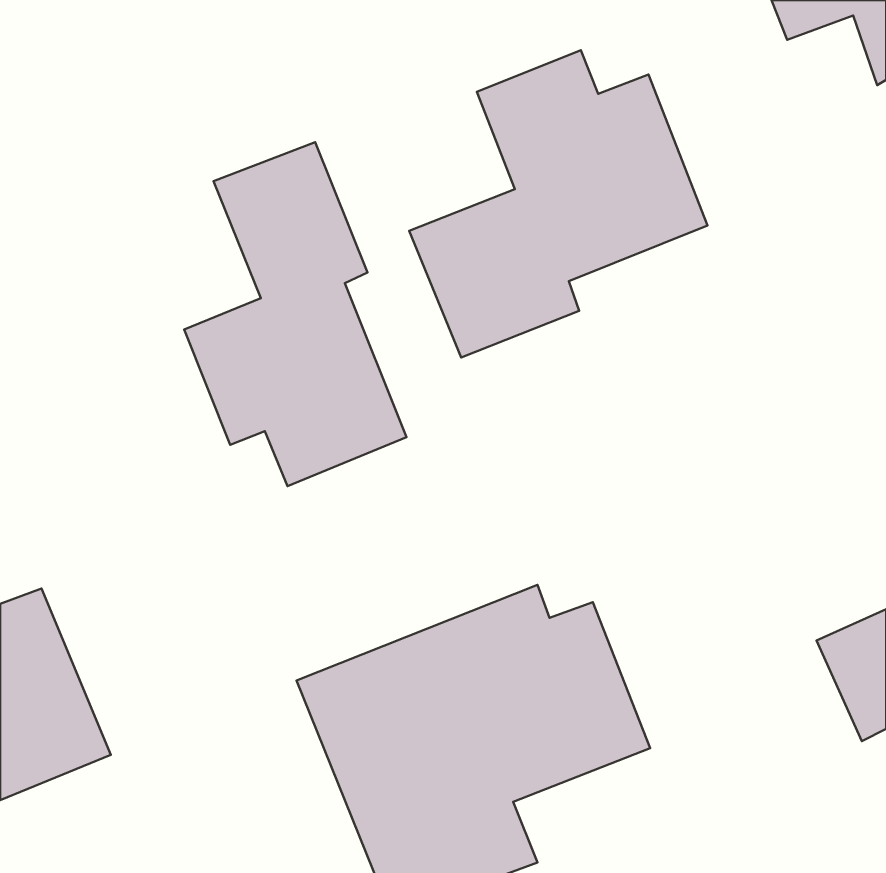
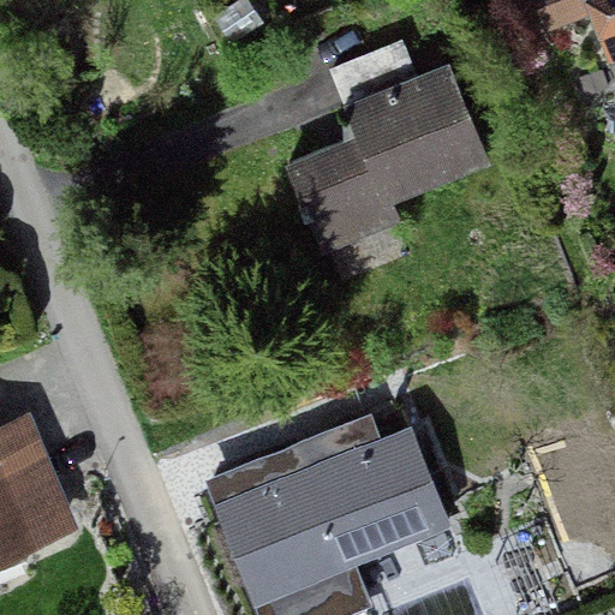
building: [184,142,406,486] -> none

